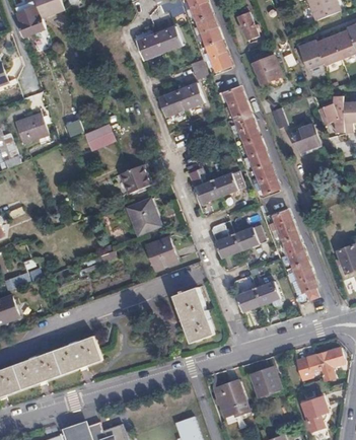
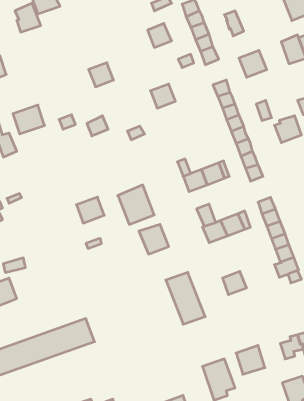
building: [137,33,163,59] -> [89,63,114,87]
building: [179,83,204,108] -> none
building: [121,164,150,192] -> [76,197,104,223]
building: [254,281,279,305] -> none

